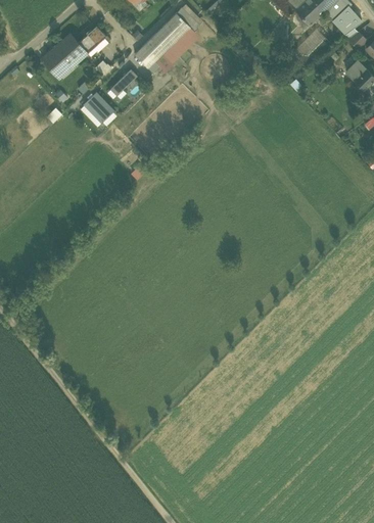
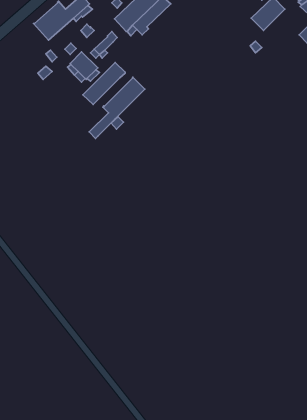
building: none -> [83,63,125,104]
building: none -> [89,77,145,138]

